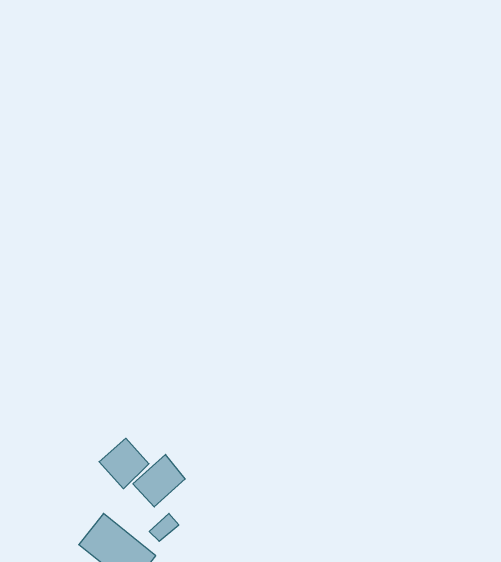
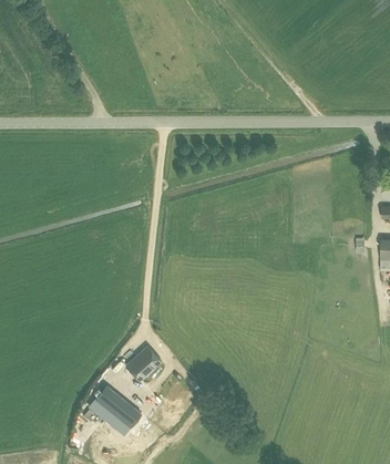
building: [99,438,149,489] -> none

